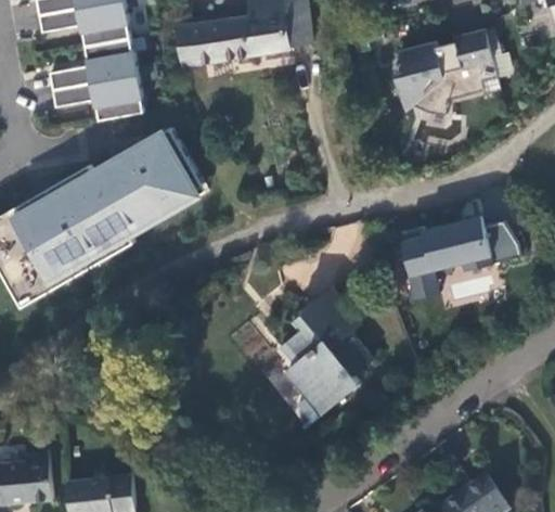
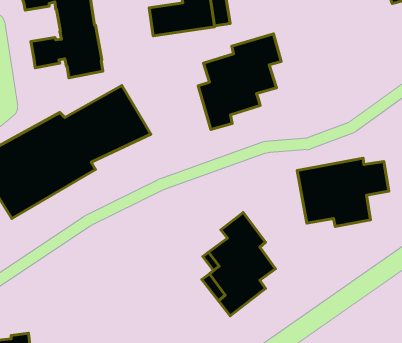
building: [176,25,209,66] -> none
building: [393,28,493,115] -> none
building: none -> [198,34,281,130]

